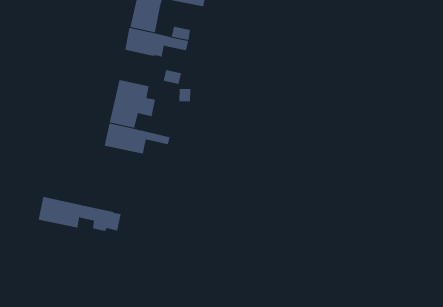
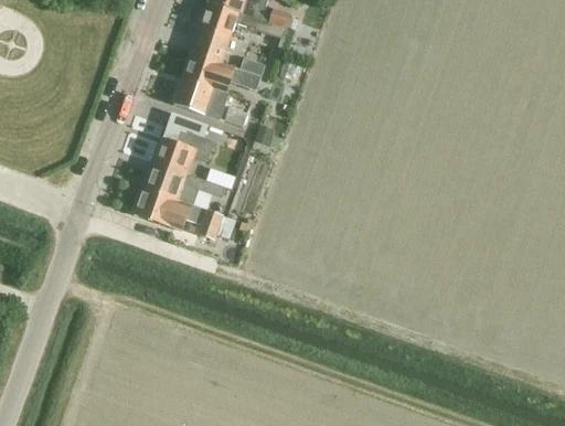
building: none -> [173,77,221,115]
building: [38,197,121,232] -> [135,188,234,238]

